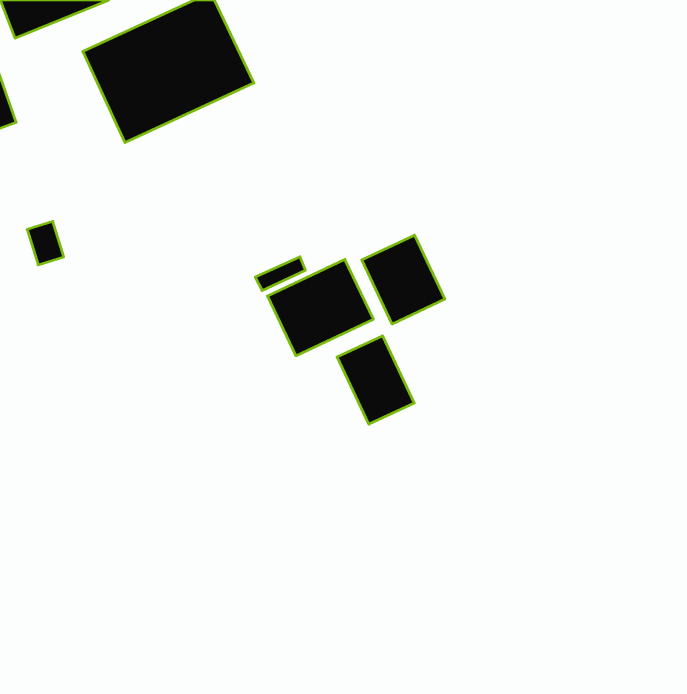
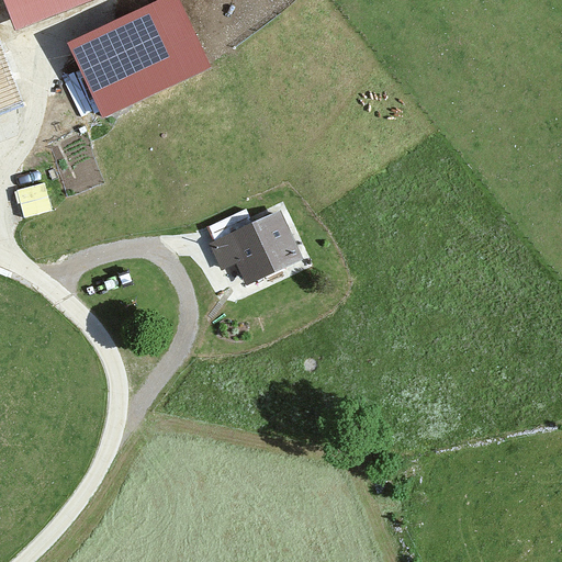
building: [362,235,445,324] -> none
building: [337,336,414,424] -> none

